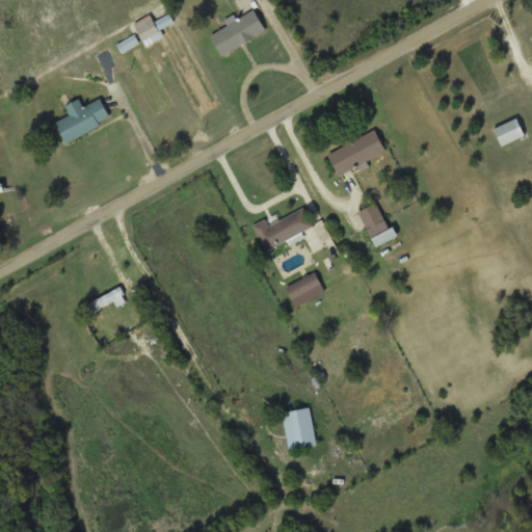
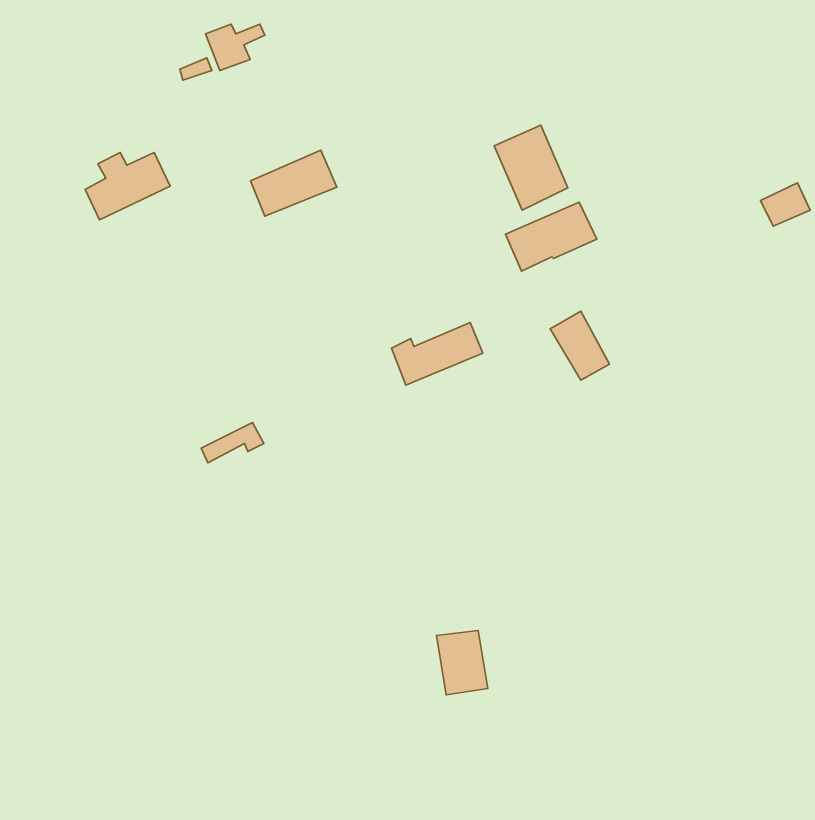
building: [210,11,266,54] -> [250,150,337,216]
building: none -> [494,125,568,210]
building: [285,272,324,307] -> none
building: [85,288,126,314] -> [201,423,264,463]

